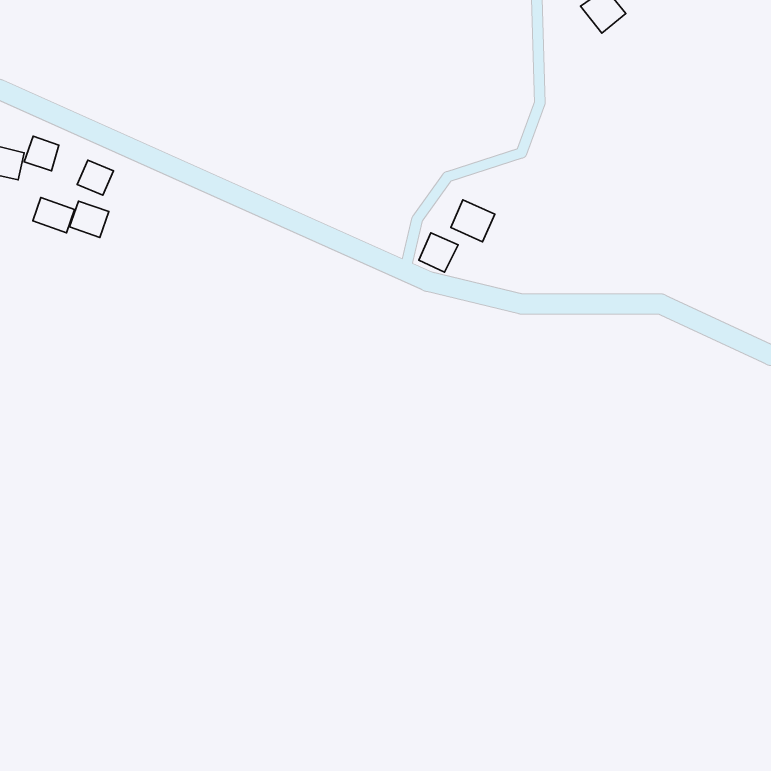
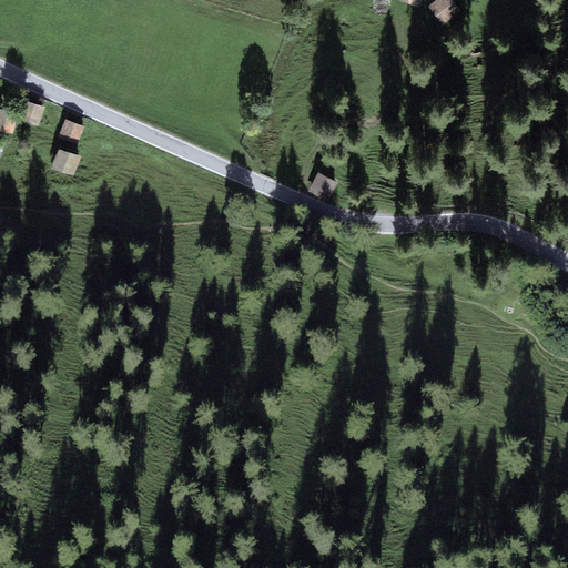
building: [33,198,75,233] -> none
building: [451,200,495,242] -> none

